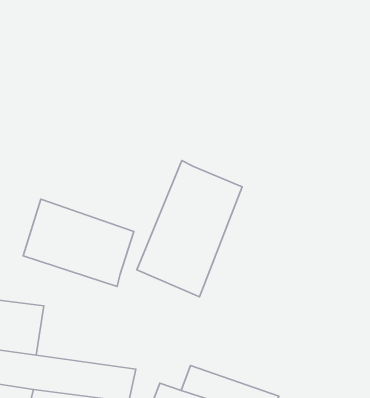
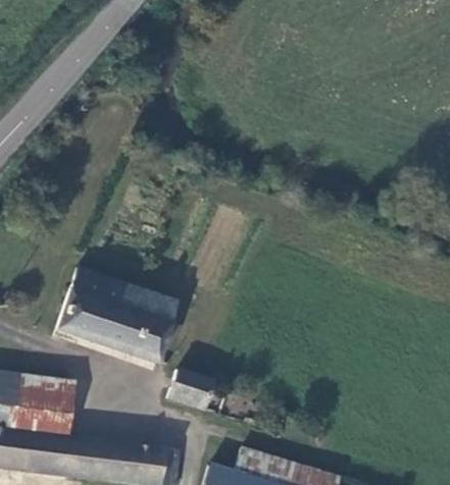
building: [137,161,242,297] -> none
building: none -> [165,370,211,413]

